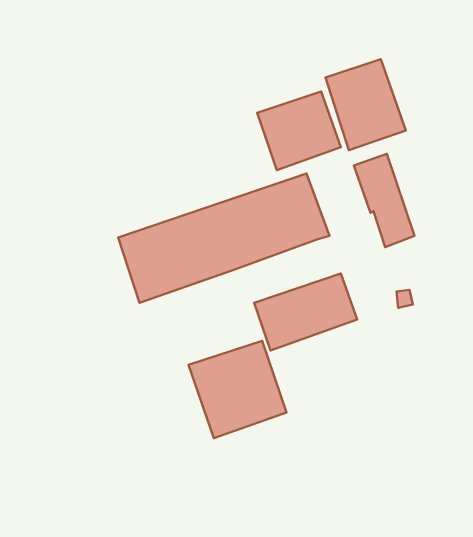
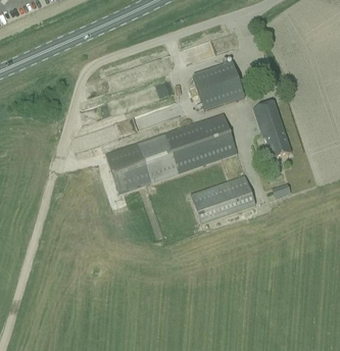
building: [325,59,406,150] -> none
building: [189,341,286,438] -> none

